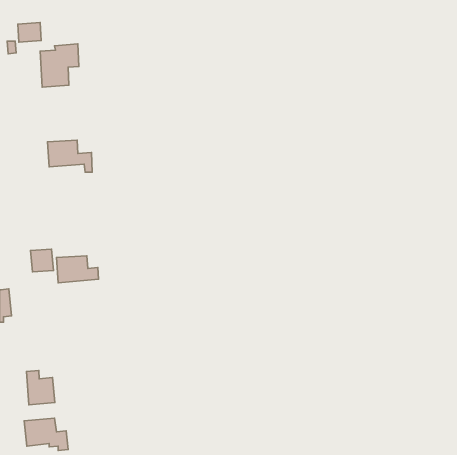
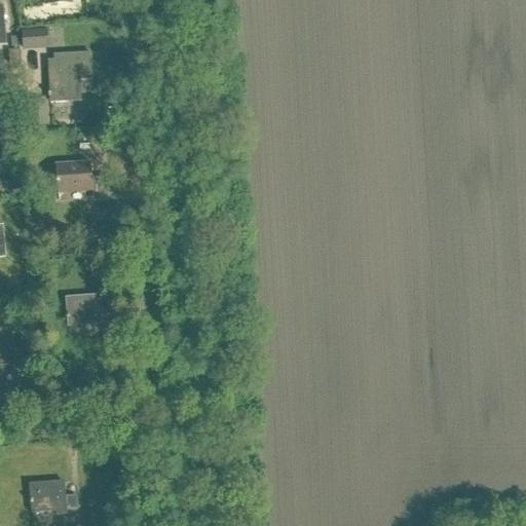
building: [31,249,54,272] -> none
building: [27,371,55,405] -> none

